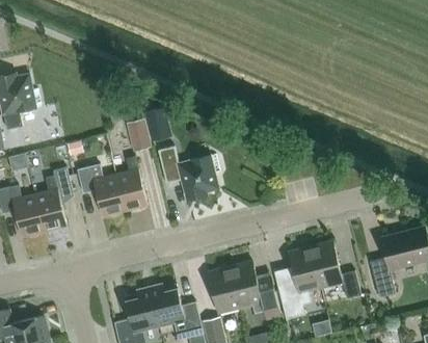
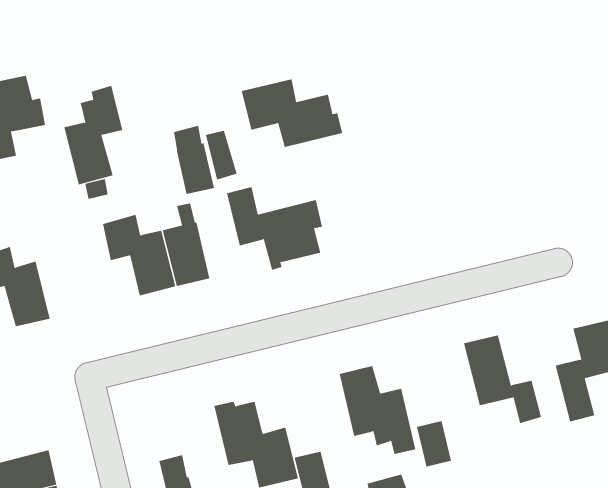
building: none -> [241,78,343,148]
building: [34,166,73,231] -> [64,85,123,185]
building: [288,246,320,292] -> none
building: [207,266,239,313] -> none
building: [124,287,158,333] -> none

